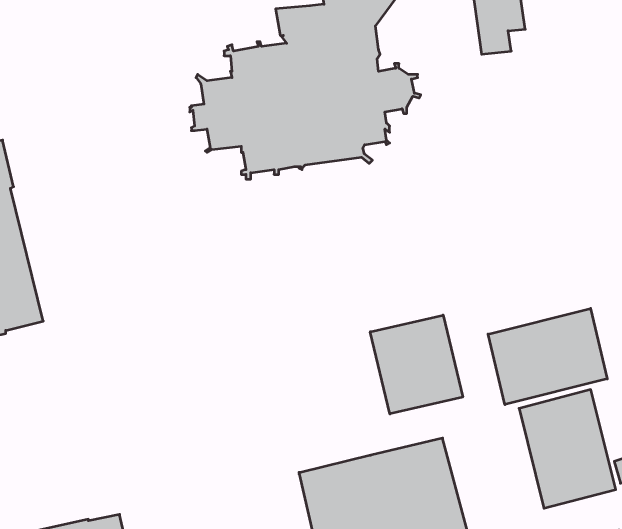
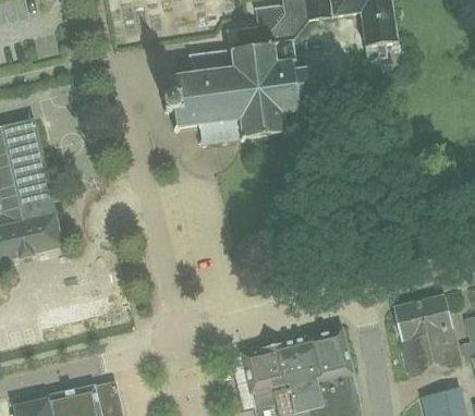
building: [488,308,607,405] -> none
building: [370,315,463,414] -> none

